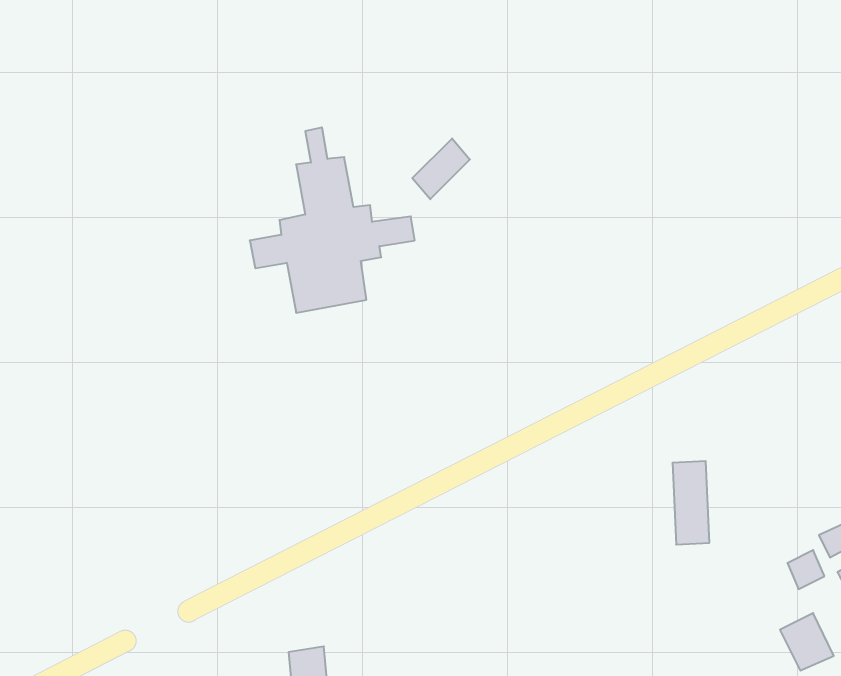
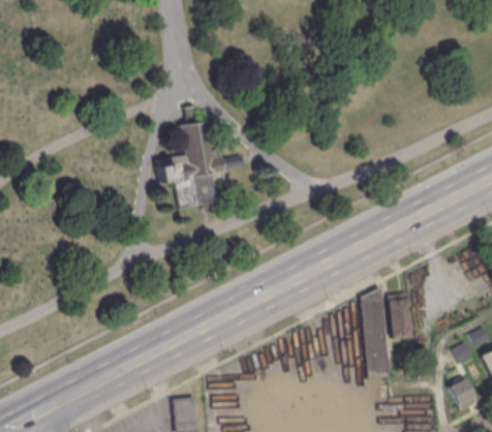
building: [412,138,470,199] -> none
building: none -> [362,290,388,377]

